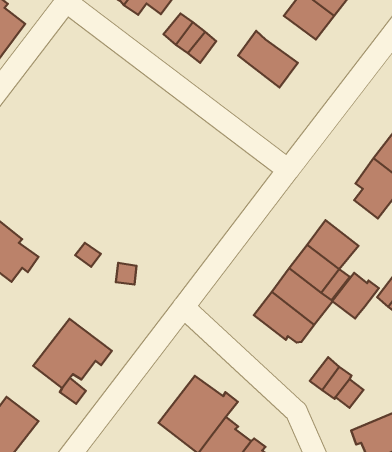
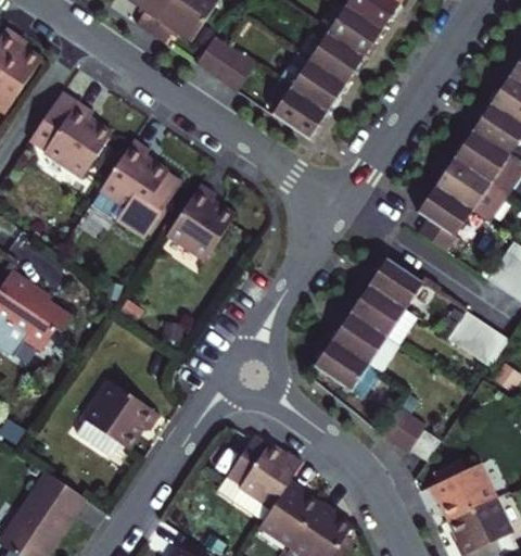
building: none -> [308,34,364,85]
building: none -> [28,91,114,178]
building: none -> [272,88,327,139]
building: none -> [90,139,180,237]
building: none -> [166,184,233,258]
building: [332,273,379,318] -> none

